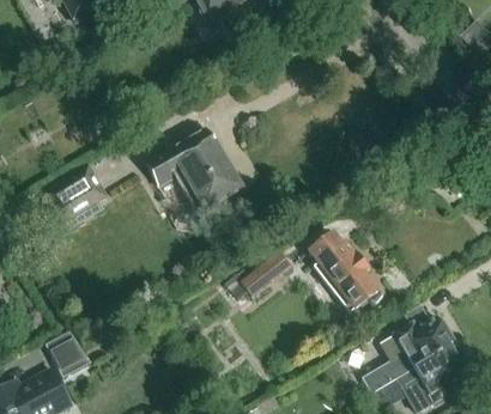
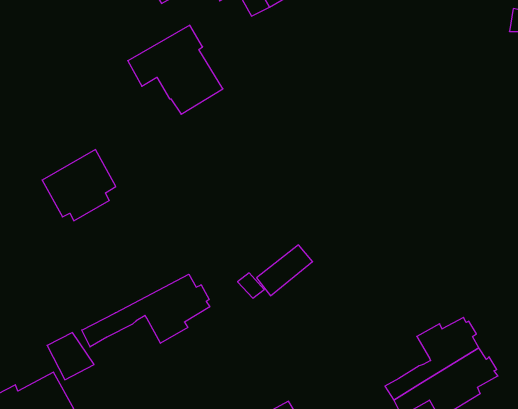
building: [147,128,237,212] -> [128,25,223,114]
building: [314,233,378,309] -> none
building: none -> [82,274,210,347]

